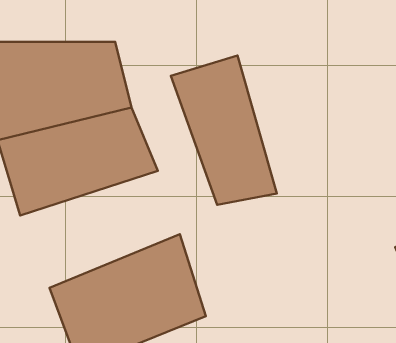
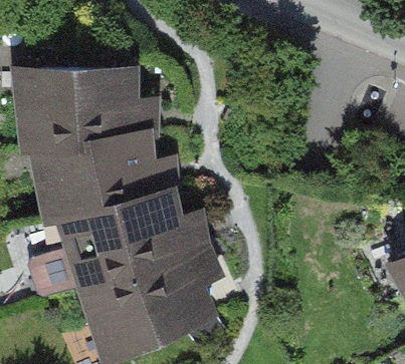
building: [171,55,277,205] -> none
building: none -> [50,188,197,295]

